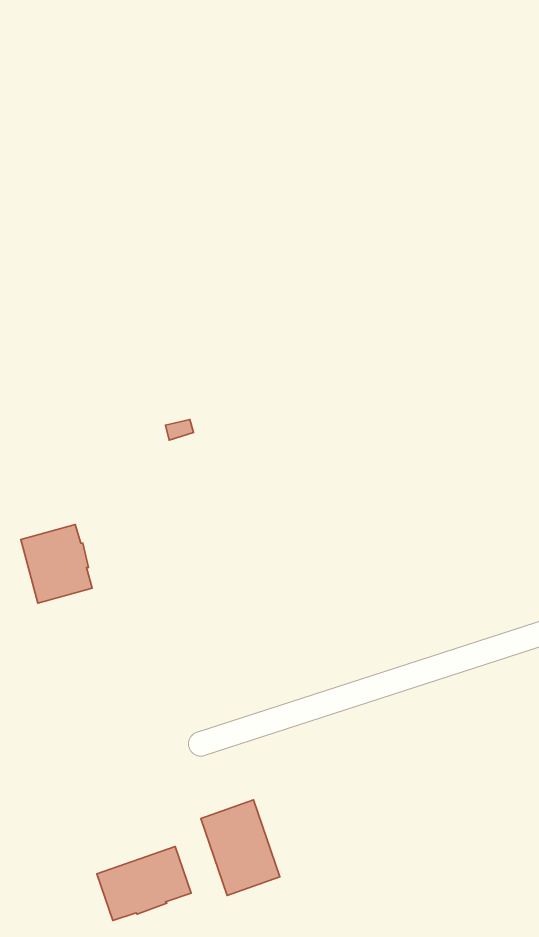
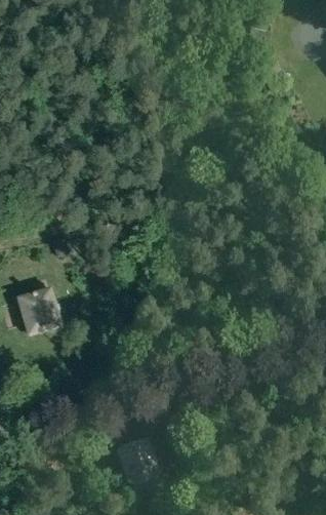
building: [97,847,191,920] -> none

